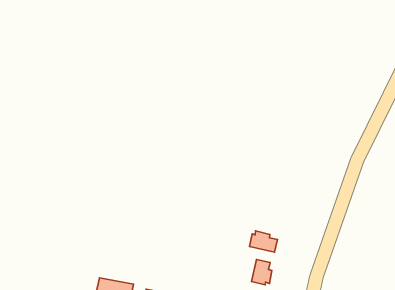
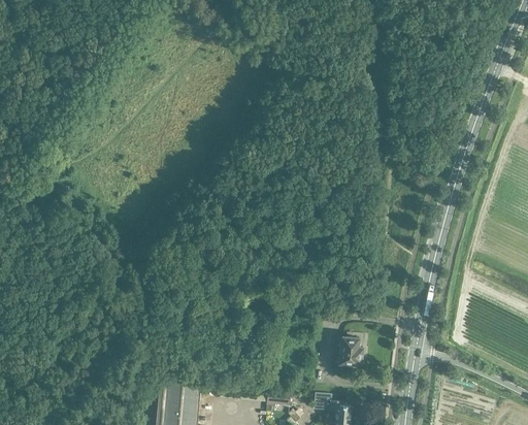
building: [250,231,277,252] -> none

